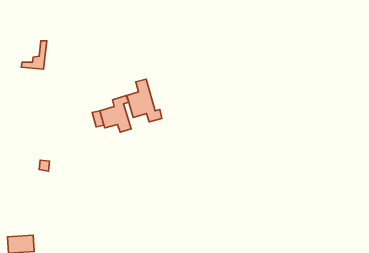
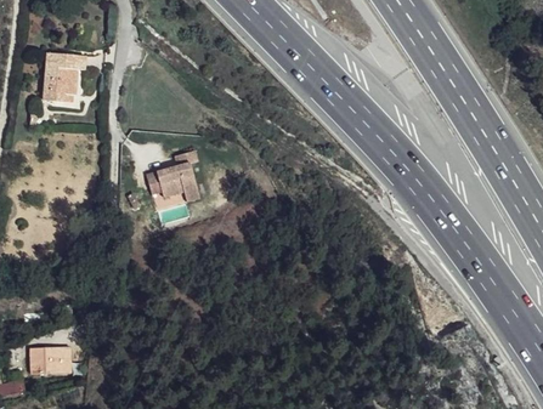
building: none -> [41,53,83,103]
building: [127,79,162,122] -> none

